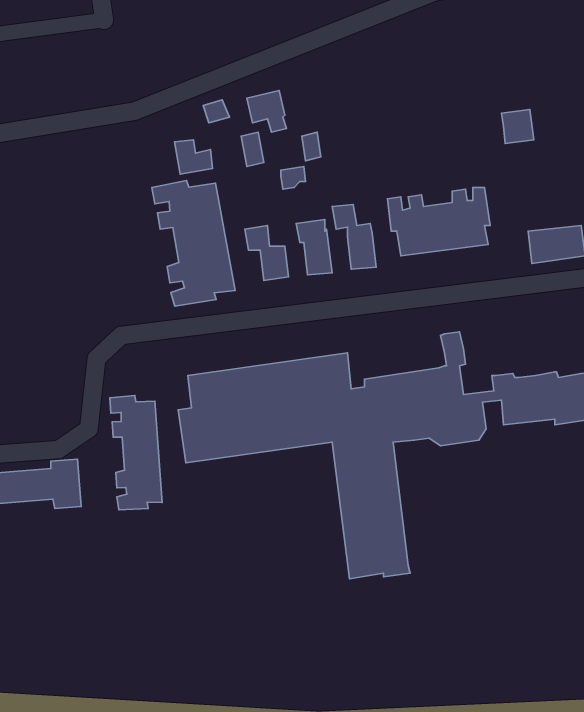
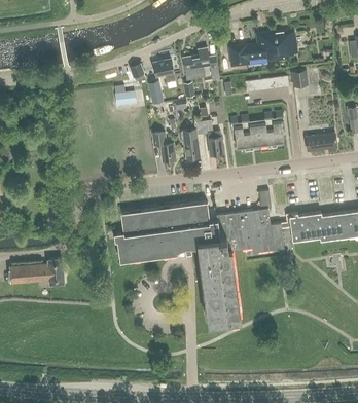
building: none -> [228,30,296,66]
building: none -> [182,48,219,81]
building: [152,181,235,306] -> none
building: [110,395,162,510] -> none

